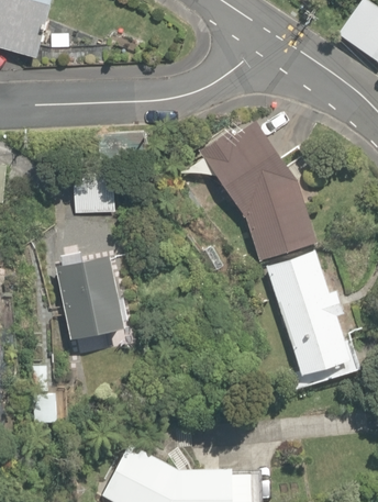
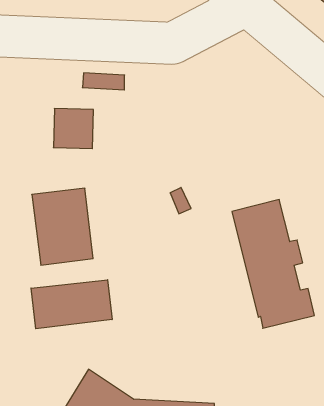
building: [198,120,315,259] -> none
building: none -> [31,280,112,329]

